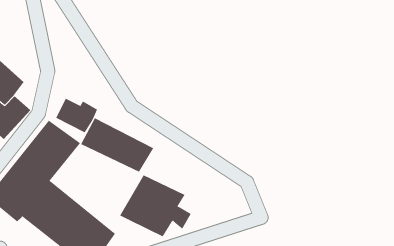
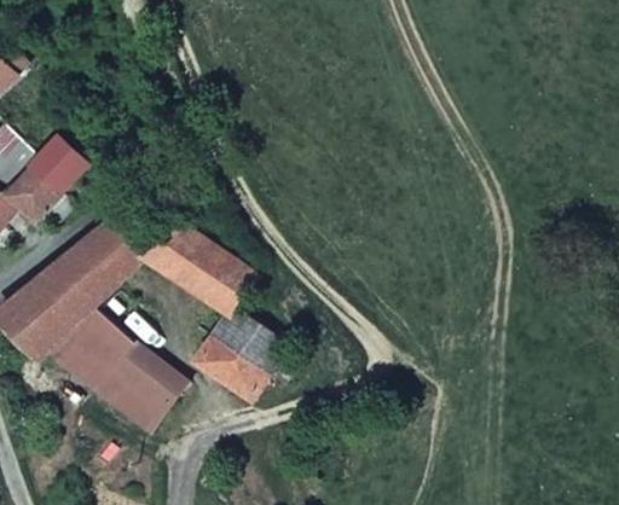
building: [55,98,98,133] -> none

